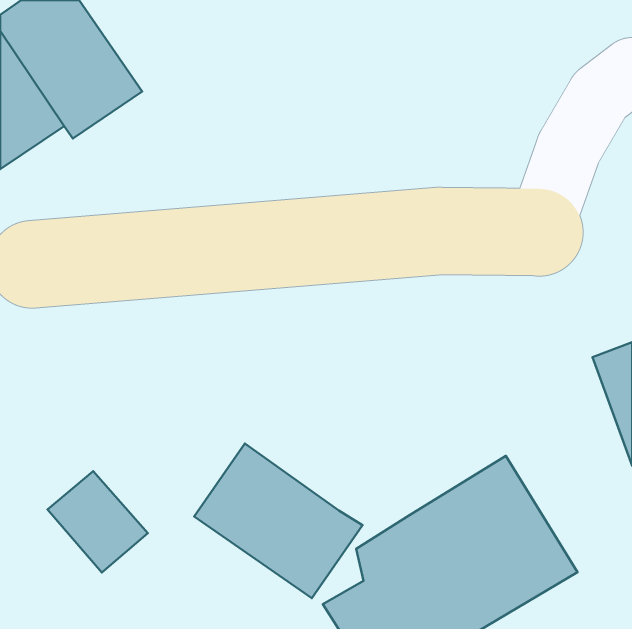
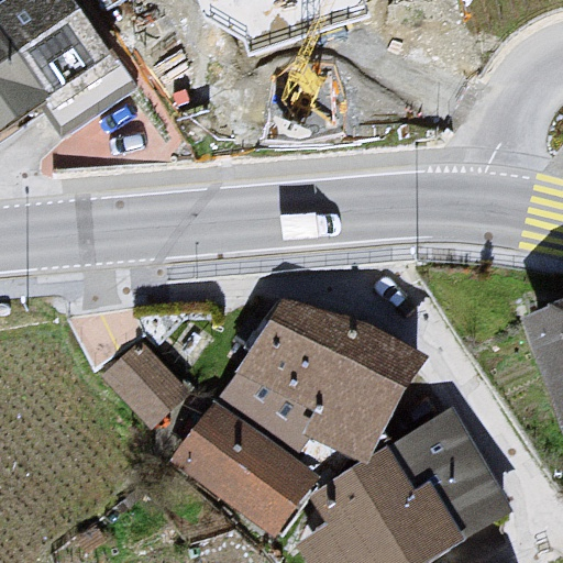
building: none -> [218,299,423,461]
building: [48,471,148,573] -> [103,339,192,429]

